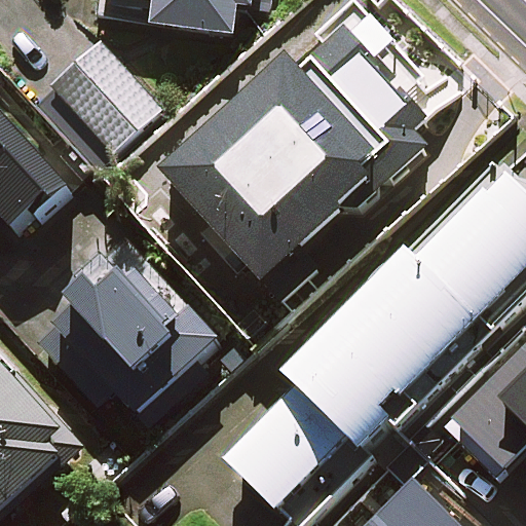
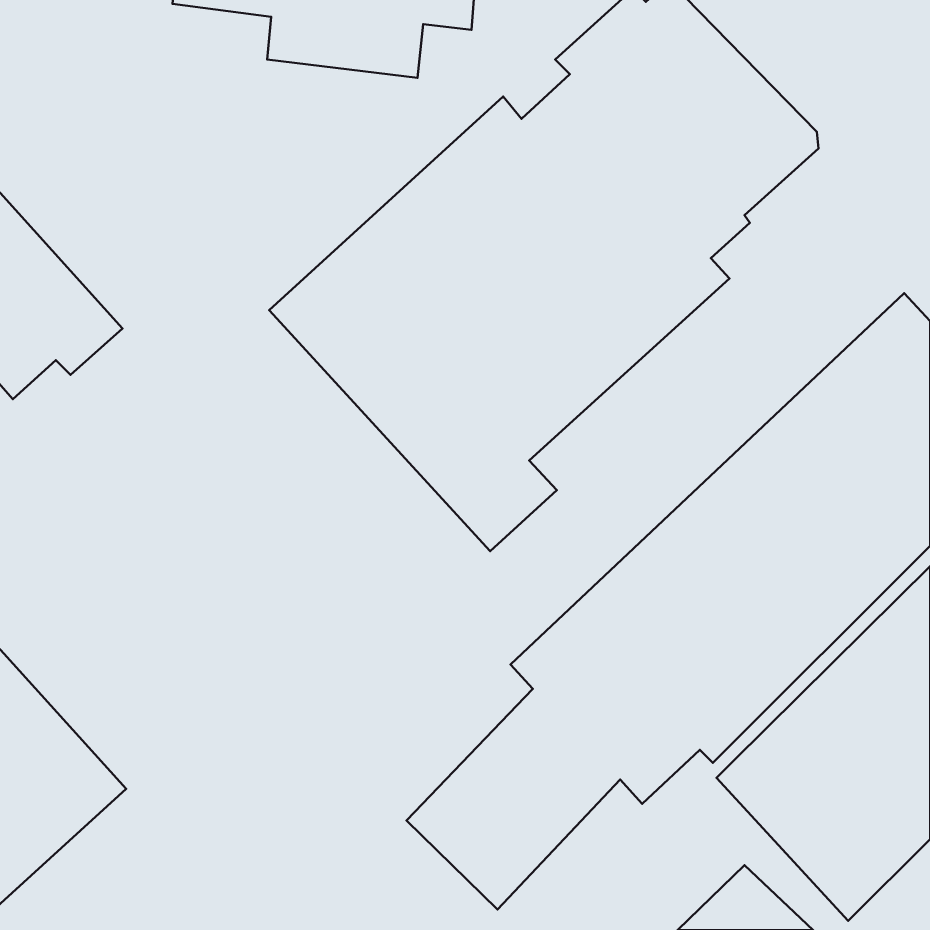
building: [49,38,157,148] -> none
building: [32,258,214,413] -> none

